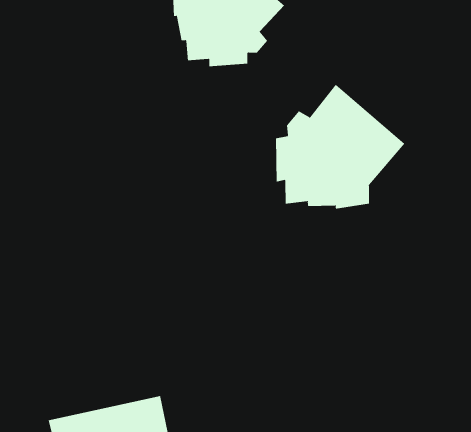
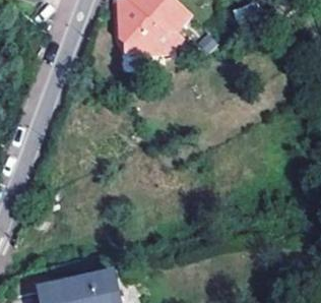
building: [276,84,405,210] -> none

